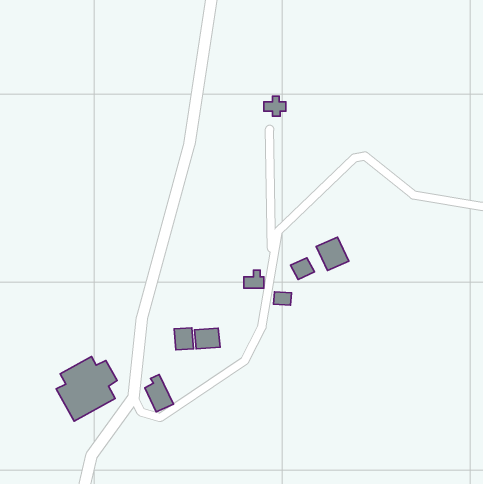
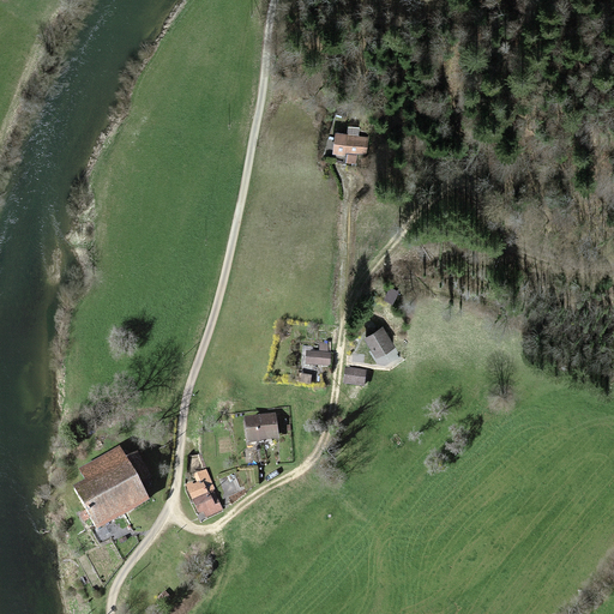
building: [316,237,349,271] -> none
building: [174,328,194,350] -> none

